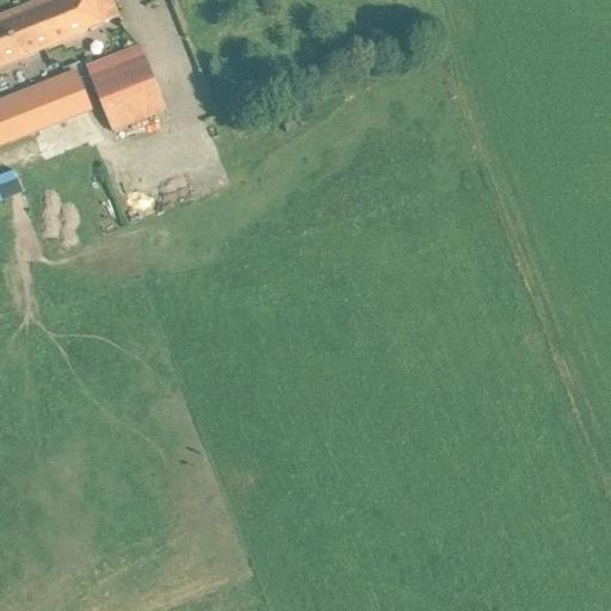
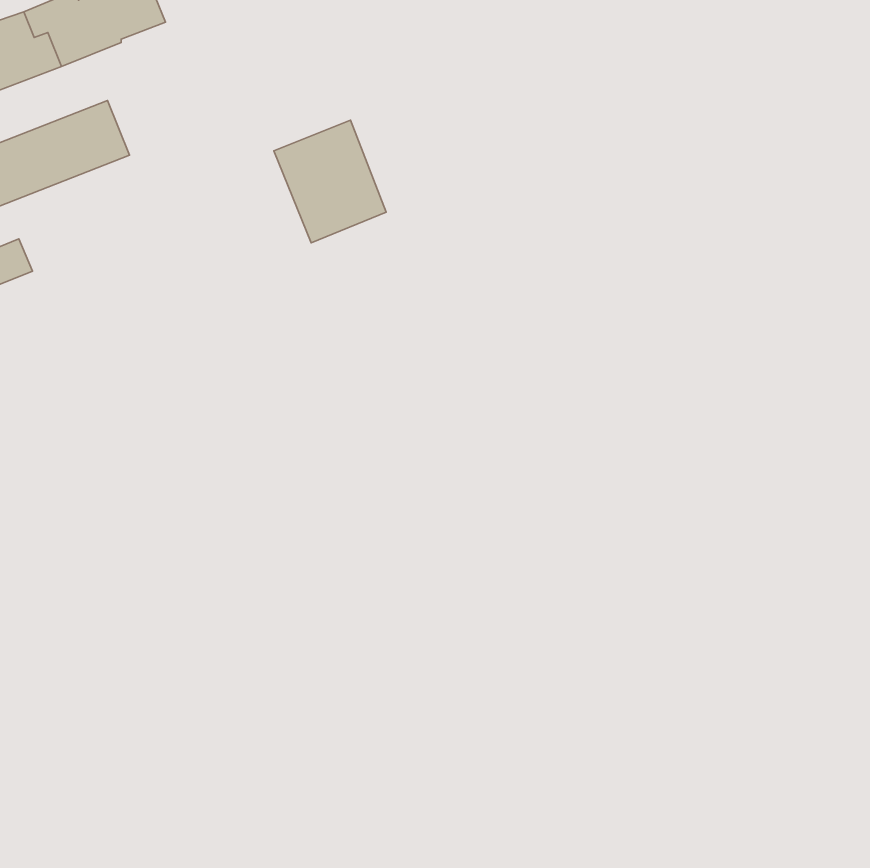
building: [86,44,165,130] -> [274,120,386,243]

